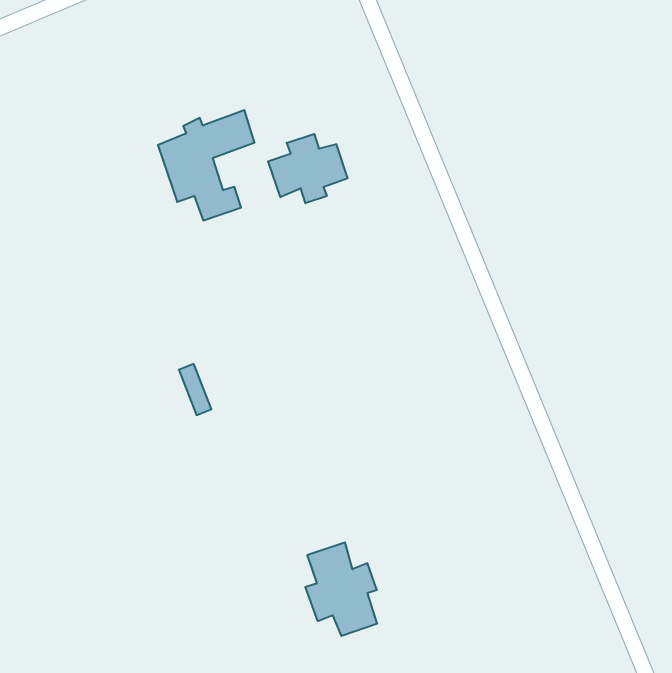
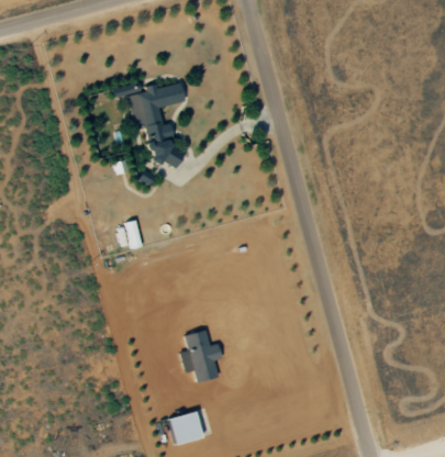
building: [268,134,348,203] -> none

